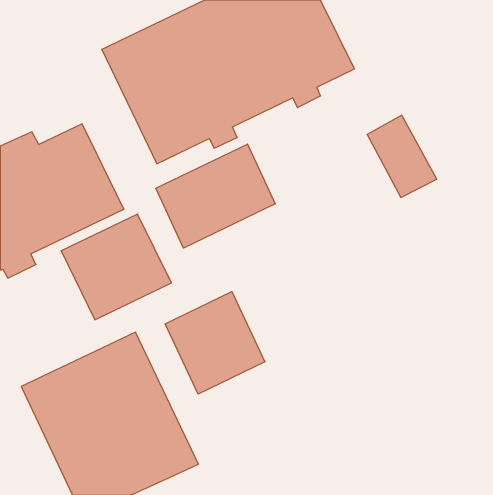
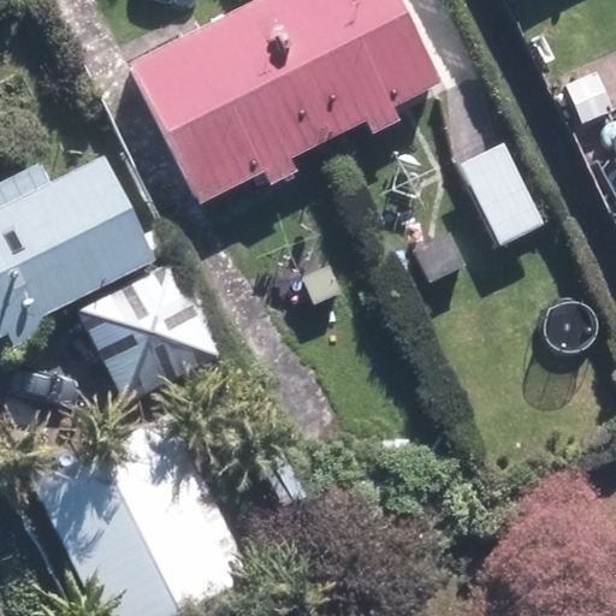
building: [156,144,275,248] -> none
building: [165,292,265,394] -> none

